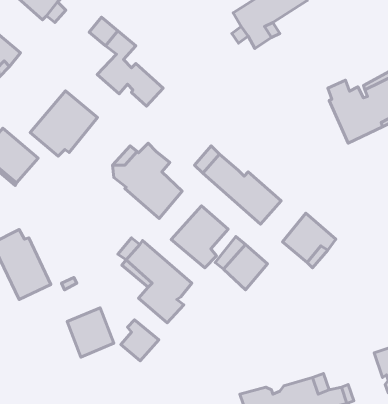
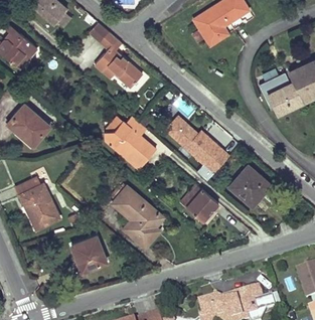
building: [30,91,98,156] -> none
building: [171,206,228,268] -> none
building: [121,320,159,361] -> none

